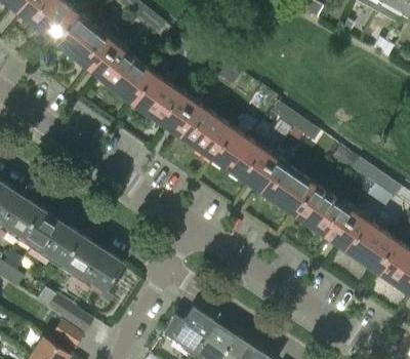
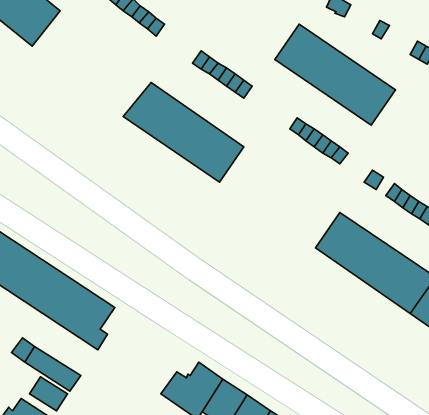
building: [53,12,154,102] -> none
building: [211,127,313,212] -> [275,24,395,125]

